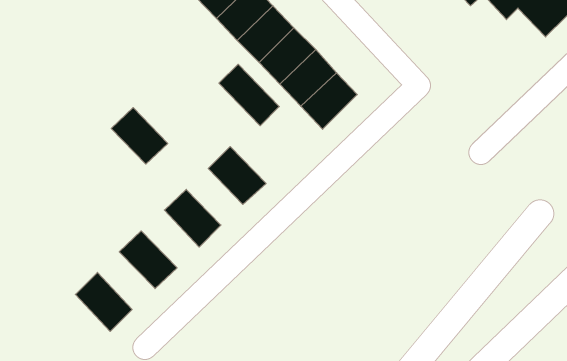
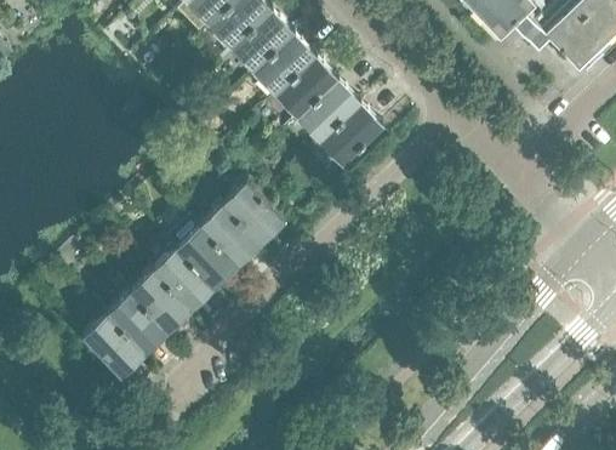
building: [219,64,279,126] -> none
building: [111,108,168,164] -> [201,207,261,267]
building: none -> [154,251,215,312]
building: none -> [108,295,169,355]

